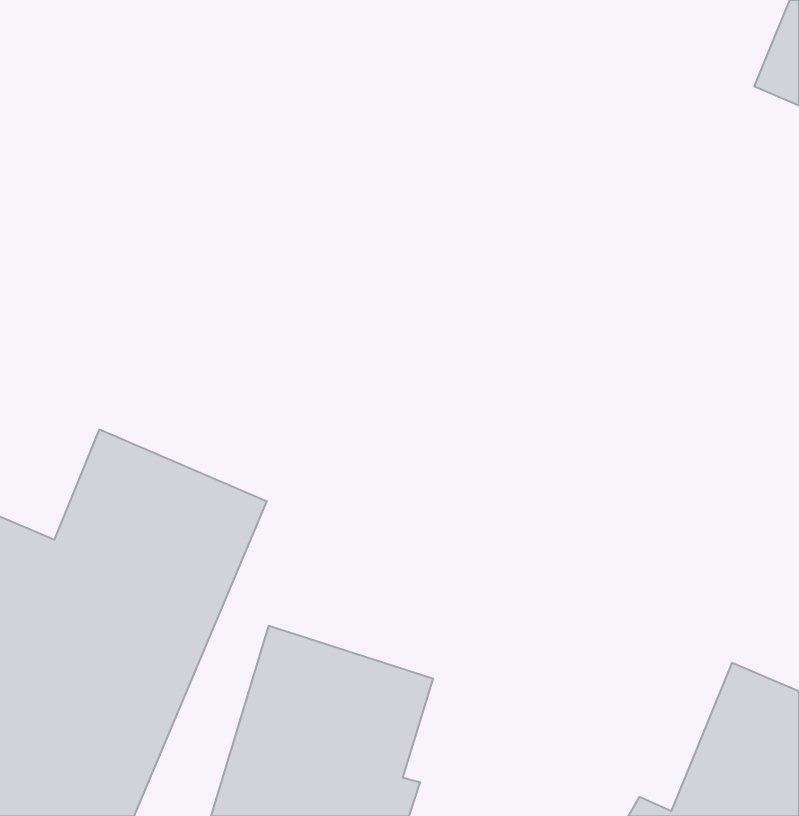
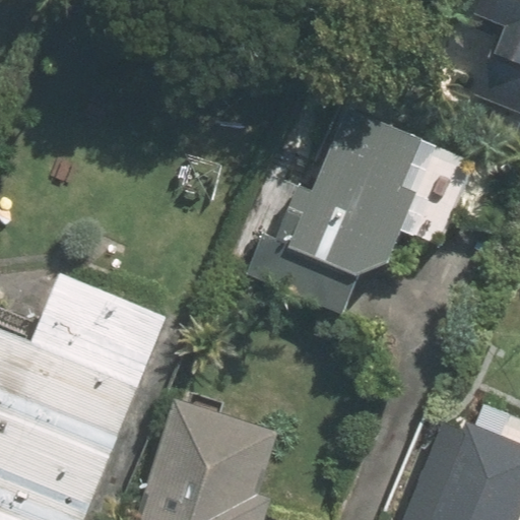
building: none -> [245,112,419,307]

